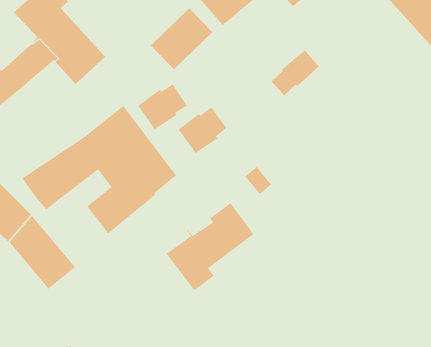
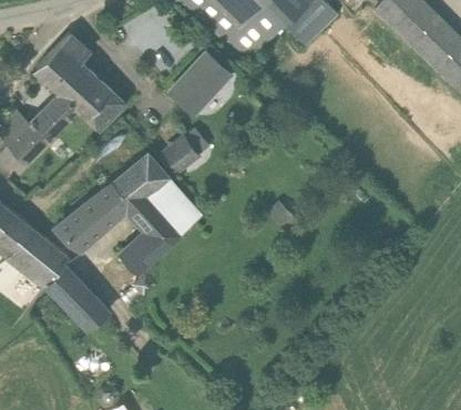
building: [271,50,319,96] -> none
building: [178,106,227,154] -> none
building: [166,202,254,291] -> none

